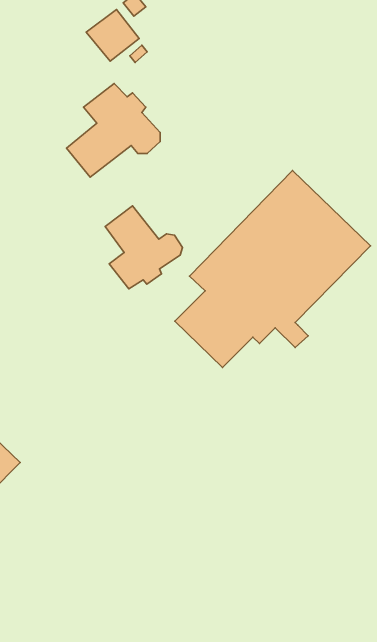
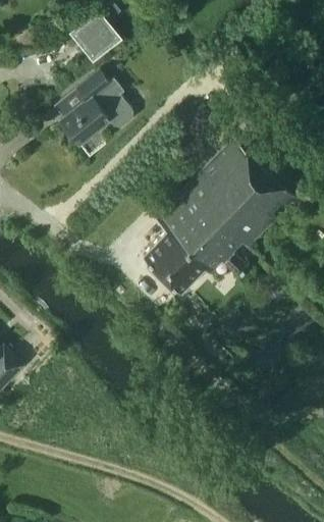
building: [105,206,182,289] -> none

